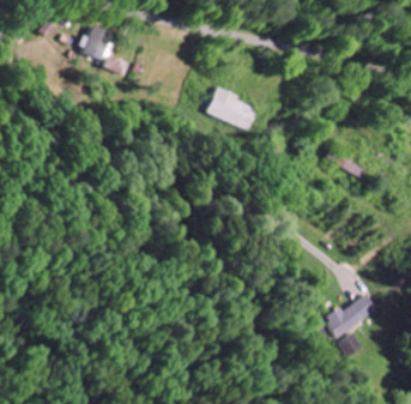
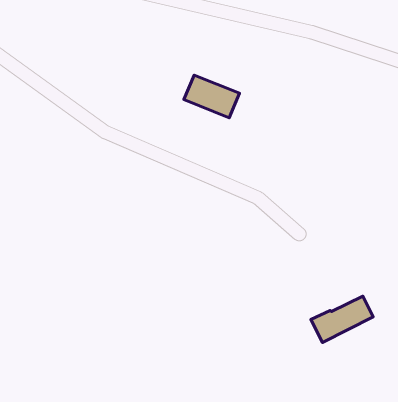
building: [84,26,133,76] -> none

